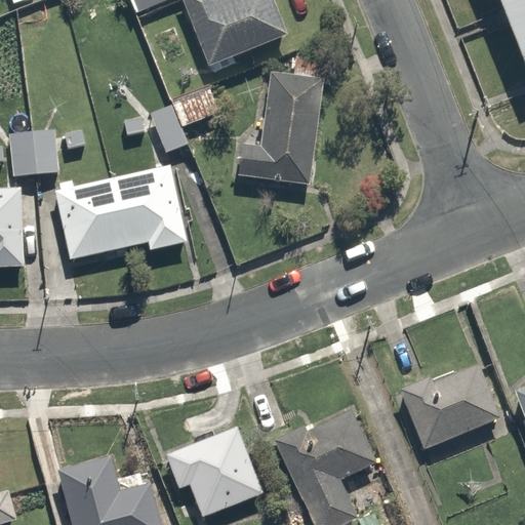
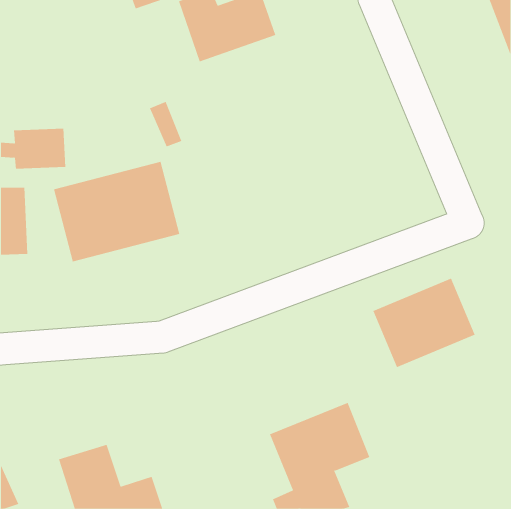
building: [235,72,321,186] -> none
building: [399,359,504,451] -> [372,278,475,368]
building: [167,430,268,518] -> none

